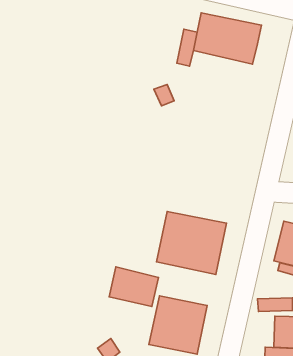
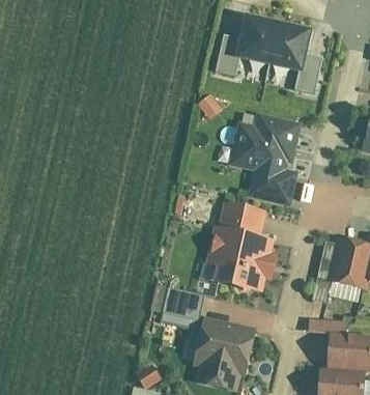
building: none -> [298,49,328,92]
building: none -> [230,111,305,200]
building: none -> [216,203,264,236]

